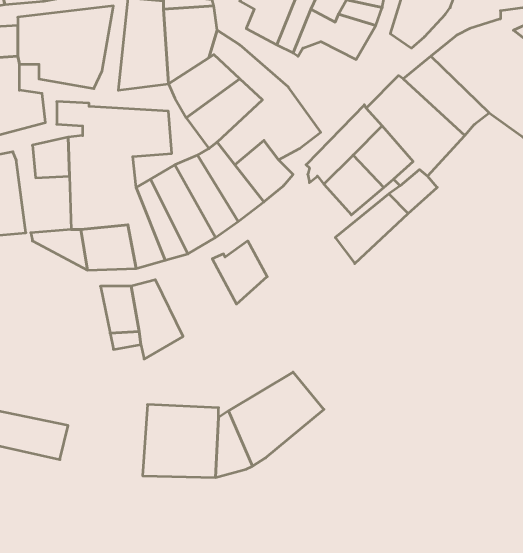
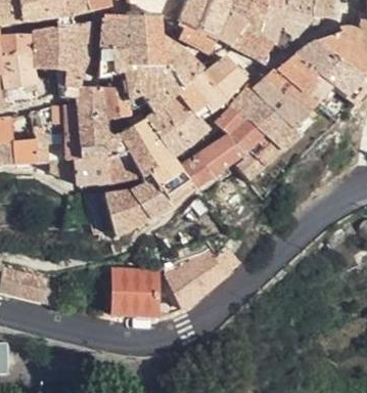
building: none -> [204,54,244,100]
building: none -> [178,137,237,191]
building: none -> [121,180,172,229]

